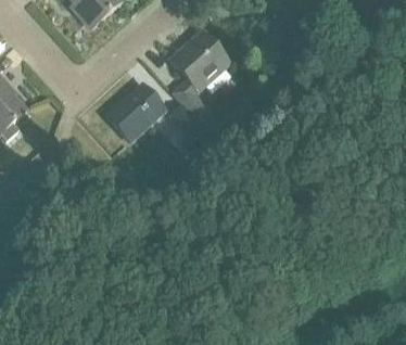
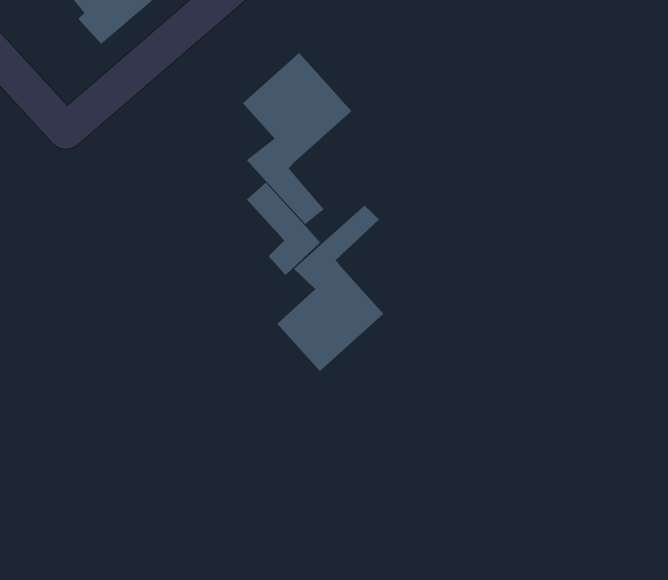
building: [106,84,164,140] -> none
building: none -> [276,205,384,372]

